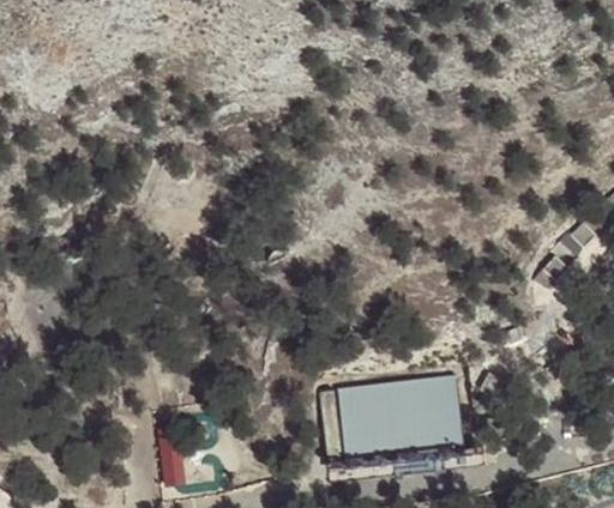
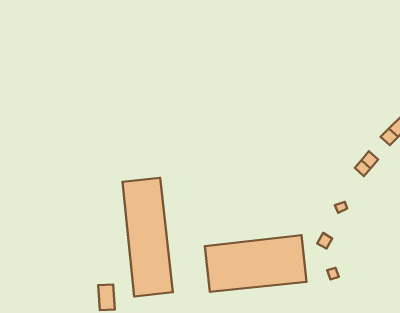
building: none -> [122,178,173,296]

